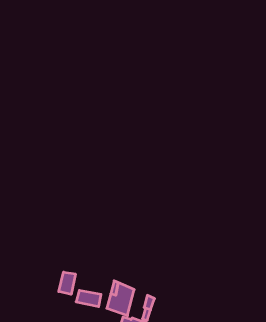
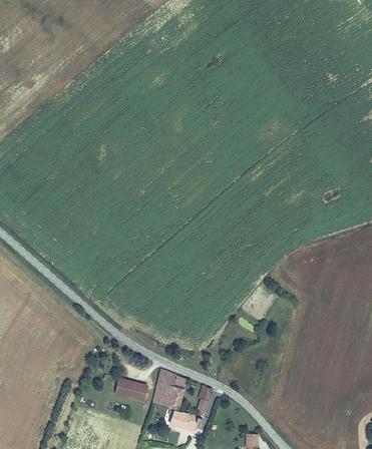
building: [59,272,75,294] -> none

